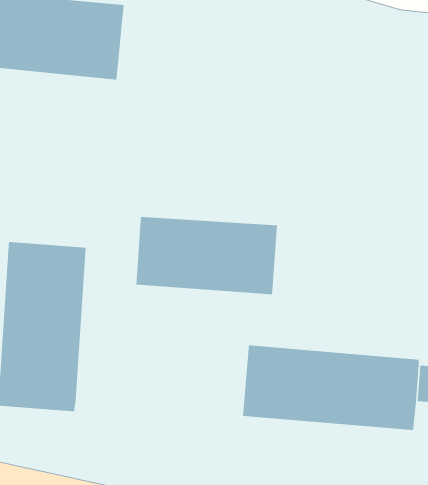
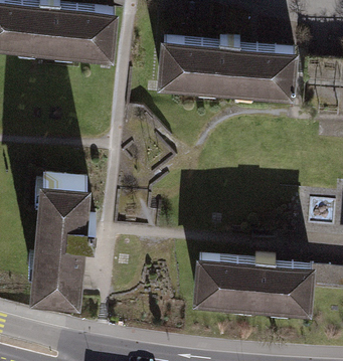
building: none -> [158,31,301,94]
building: [136,216,277,295] -> none

